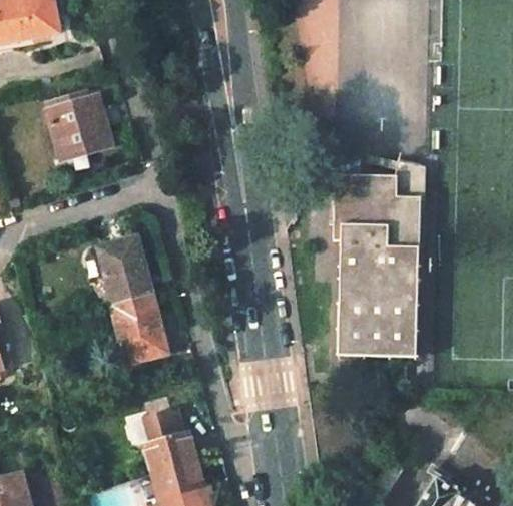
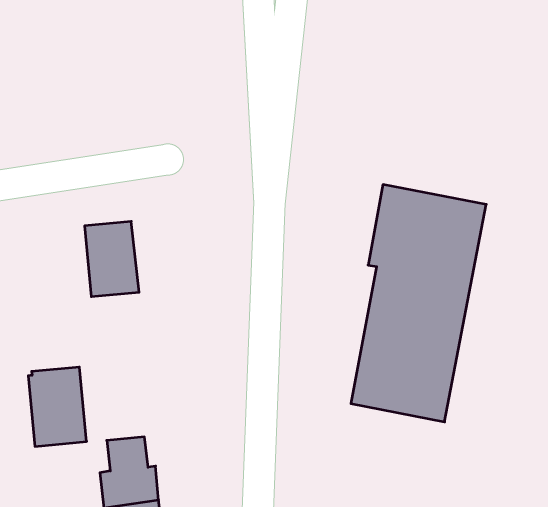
building: [46,92,111,158] -> none
building: [112,295,168,365] -> [28,367,87,446]

